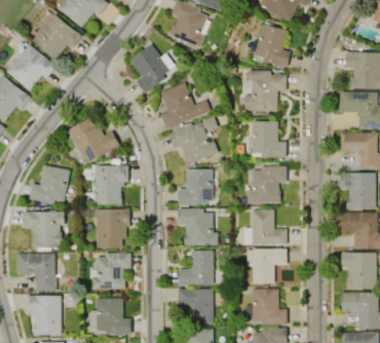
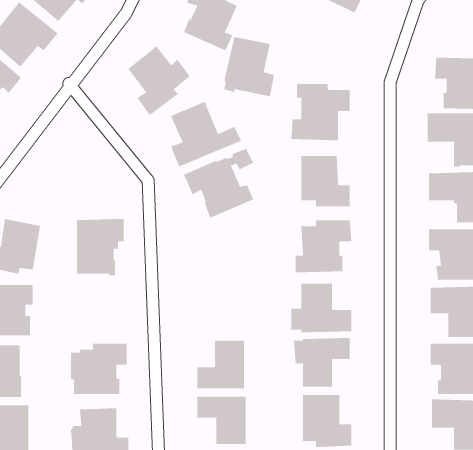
building: [254,25,290,67] -> [224,37,275,97]
building: [67,117,119,164] -> none
building: [178,169,213,205] -> none
building: [96,208,128,249] -> none
building: [178,209,218,244] -> none

